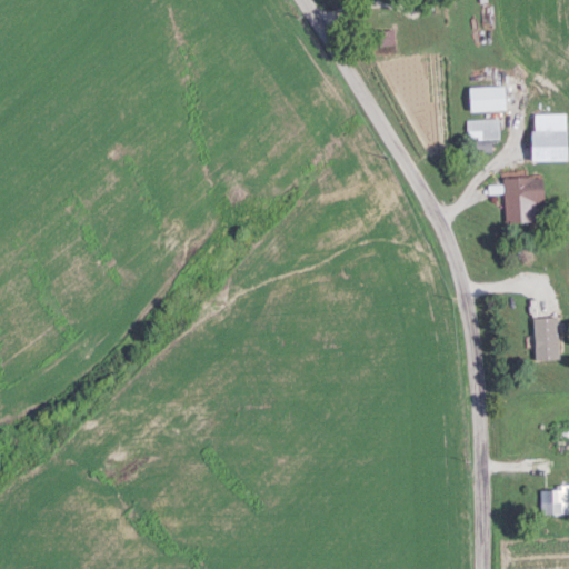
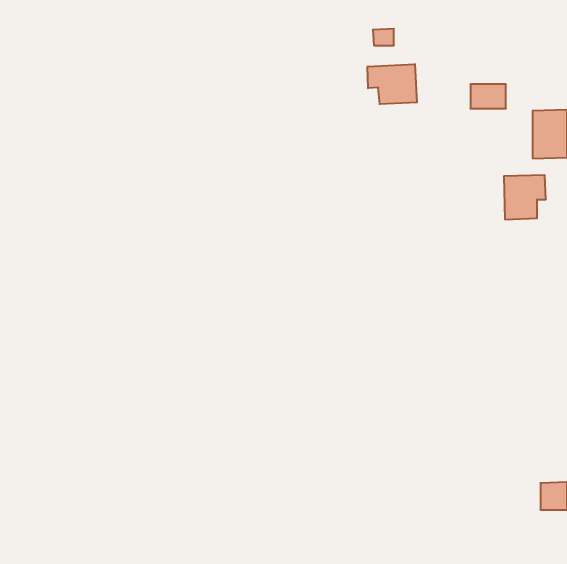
building: none -> [367,64,417,104]
building: [467,121,500,151] -> none
building: [535,303,559,361] -> none

